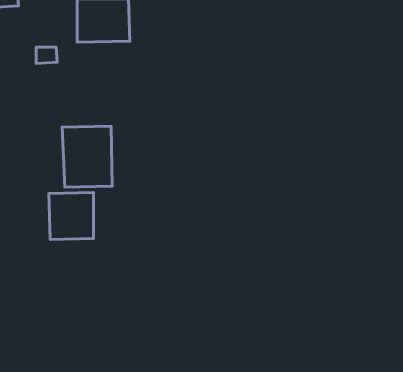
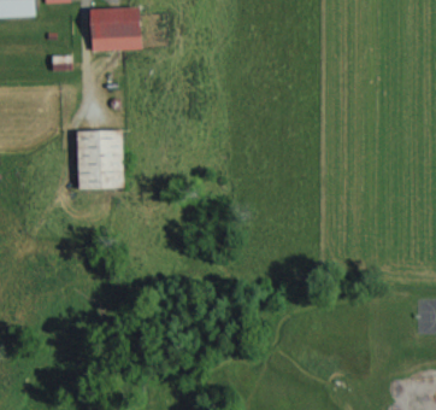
building: [49,192,94,240] -> none

